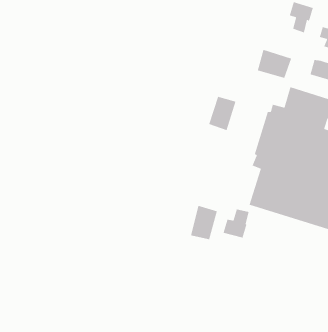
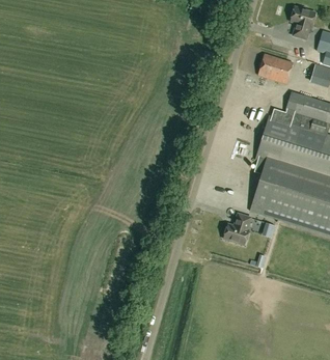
building: [208,96,236,131] -> none
building: [190,205,218,240] -> none

